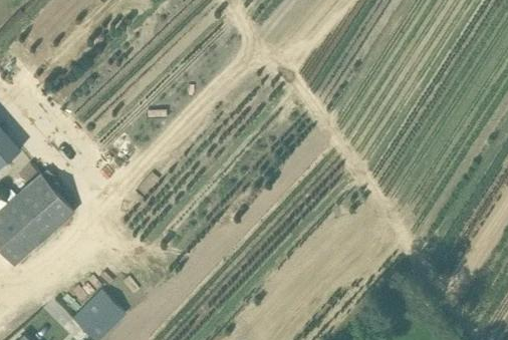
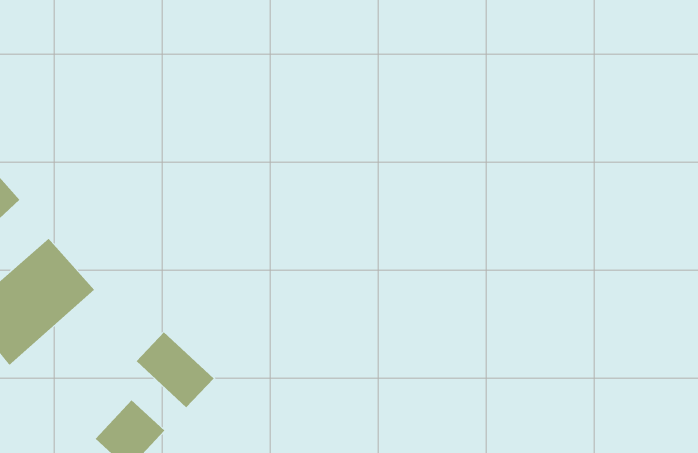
building: none -> [136,332,214,408]

